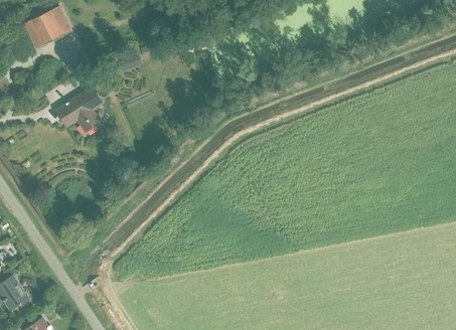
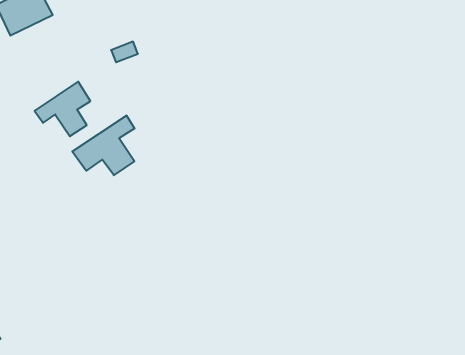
building: none -> [72,115,135,175]

